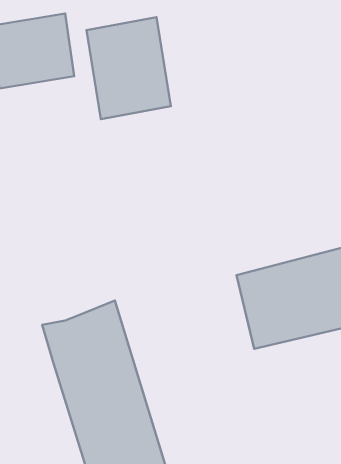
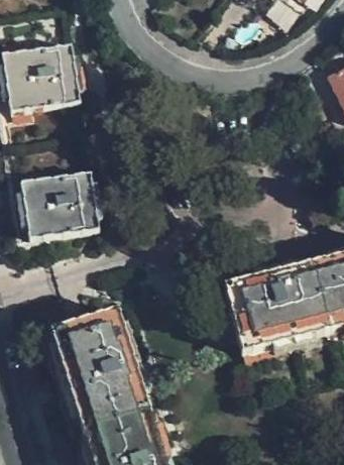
building: [87,17,171,119] -> none
building: none -> [20,169,99,237]

